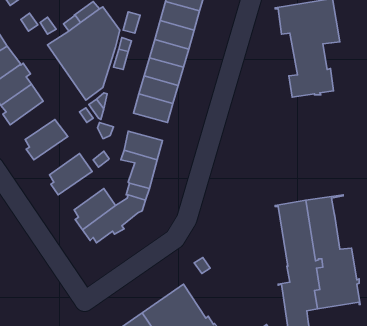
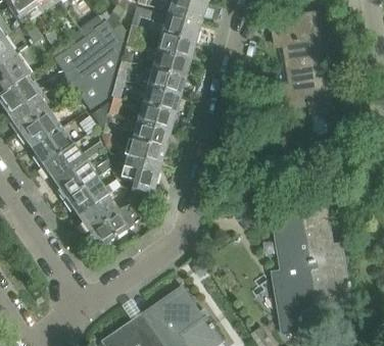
building: none -> [16,109,59,146]
building: none -> [130,120,167,147]
building: none -> [39,143,83,180]
building: none -> [62,177,106,213]

